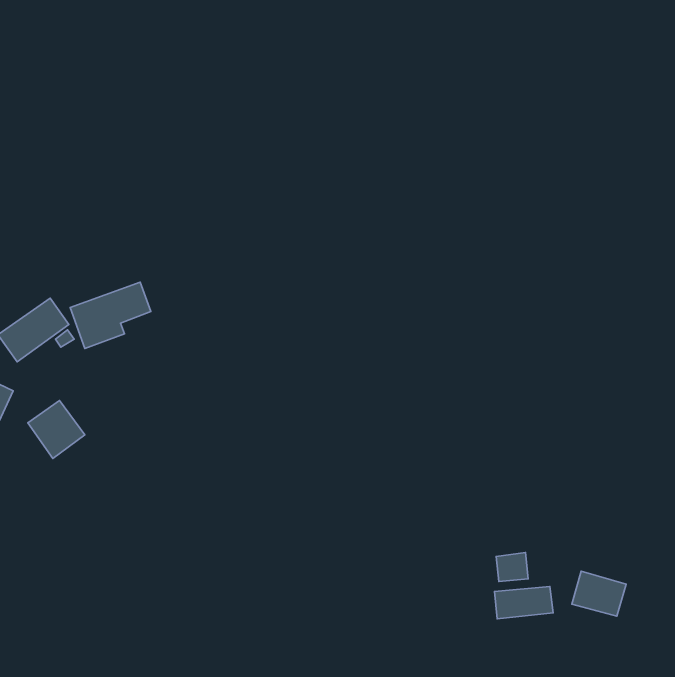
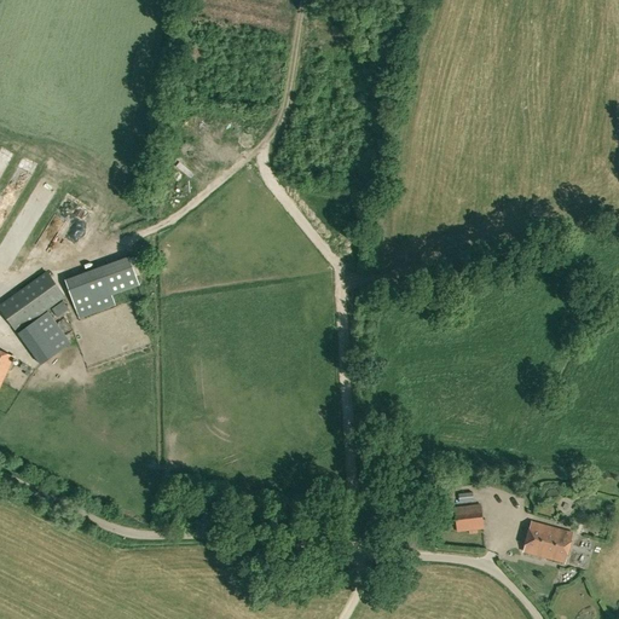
building: [28,400,85,459] -> [17,312,69,365]
building: [495,586,553,619] -> none

